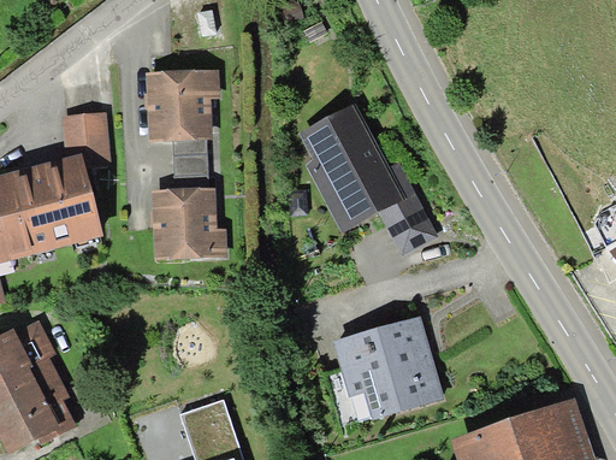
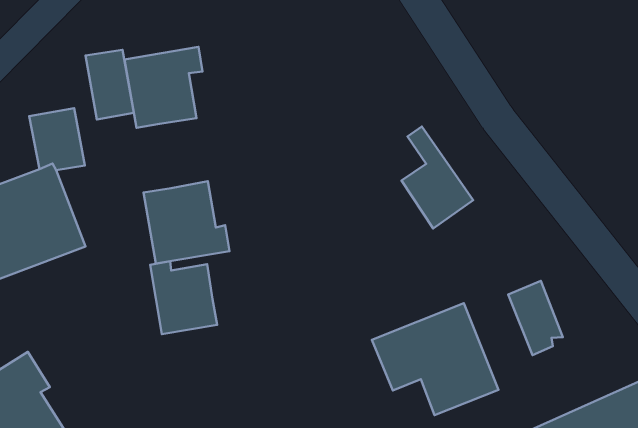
building: [302,111,399,224] -> none
building: [173,135,209,193] -> [86,50,134,120]
building: none -> [150,261,217,334]
building: none -> [508,281,563,355]

